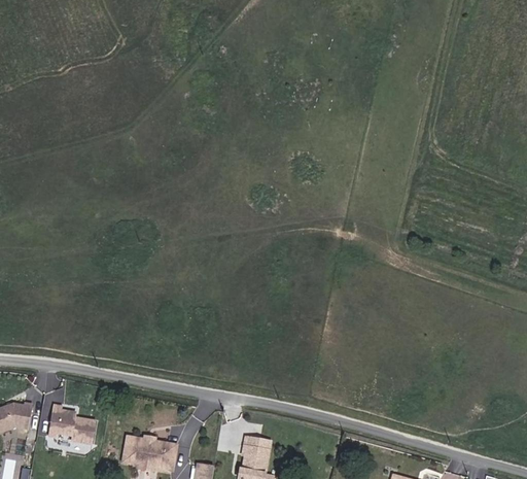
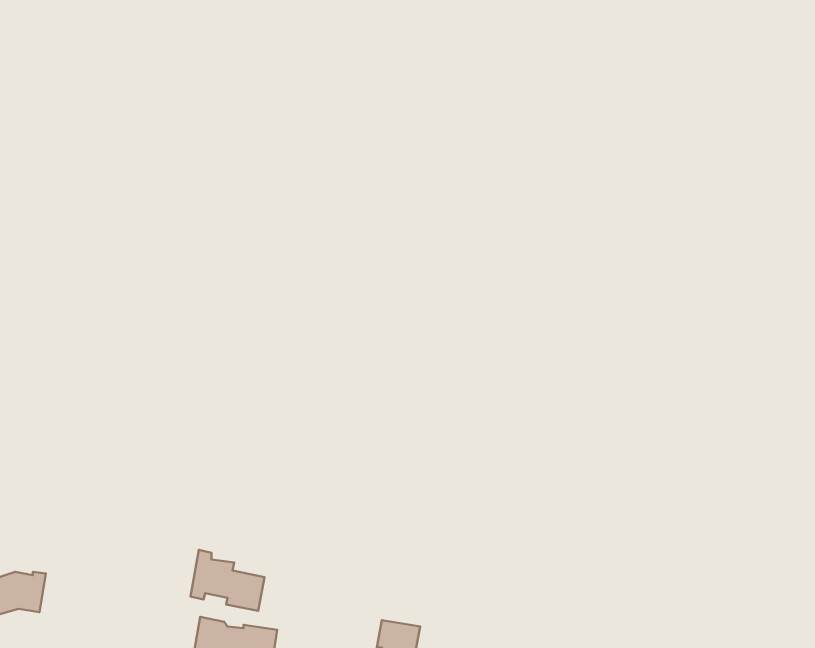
building: [45,407,93,446] -> [191,550,265,611]

